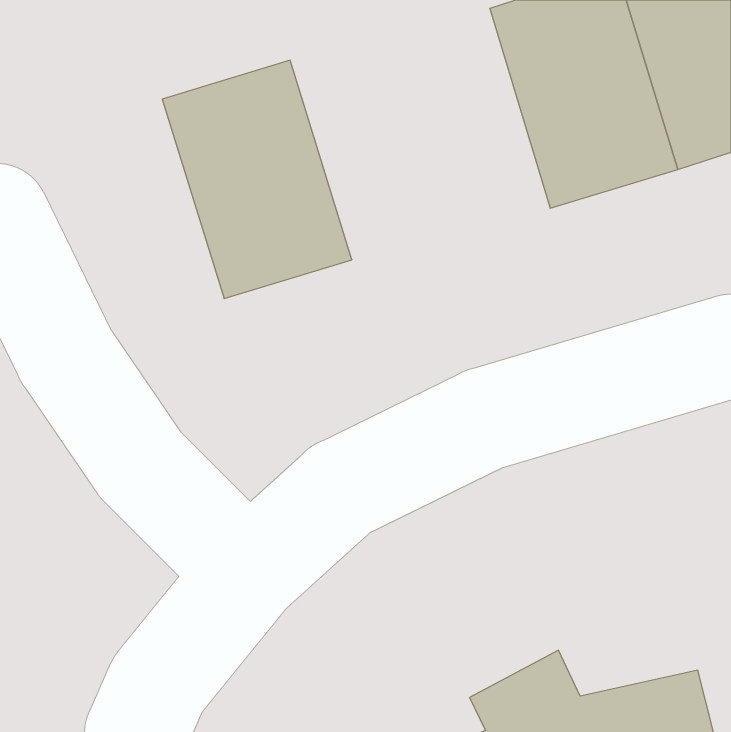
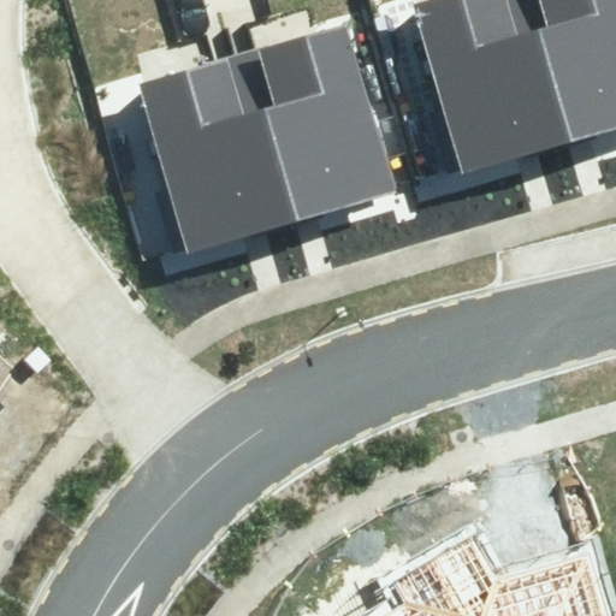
building: none -> [243,19,402,219]

